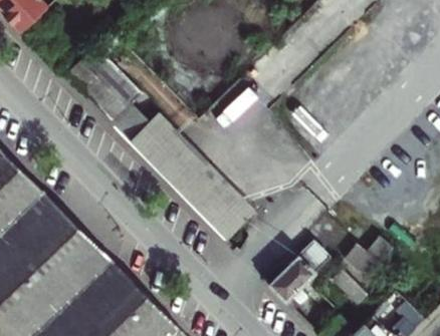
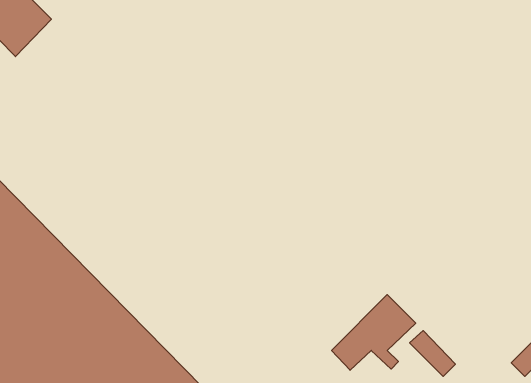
building: [63,45,256,241] -> none
building: [349,237,396,276] -> none

